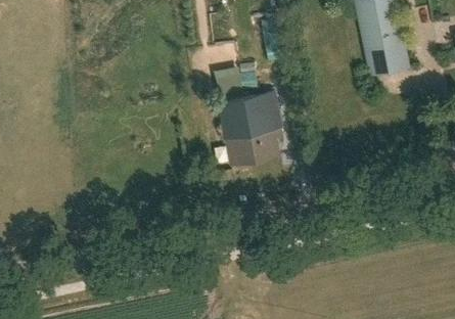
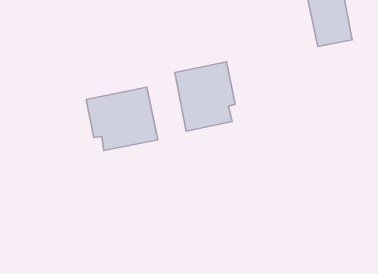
building: none -> [86,87,158,151]

